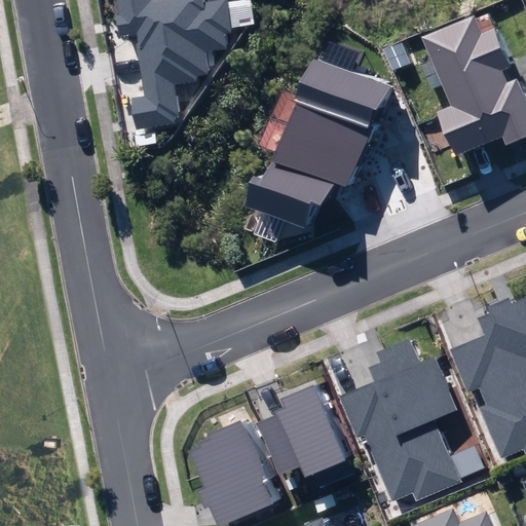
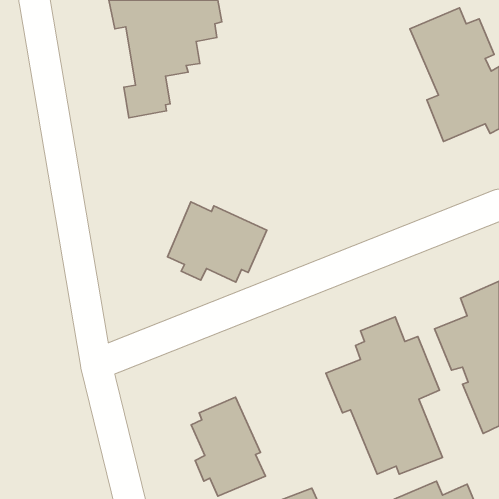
building: [258,59,392,224] -> none
building: none -> [167,202,267,282]
building: [257,382,349,477] -> none

